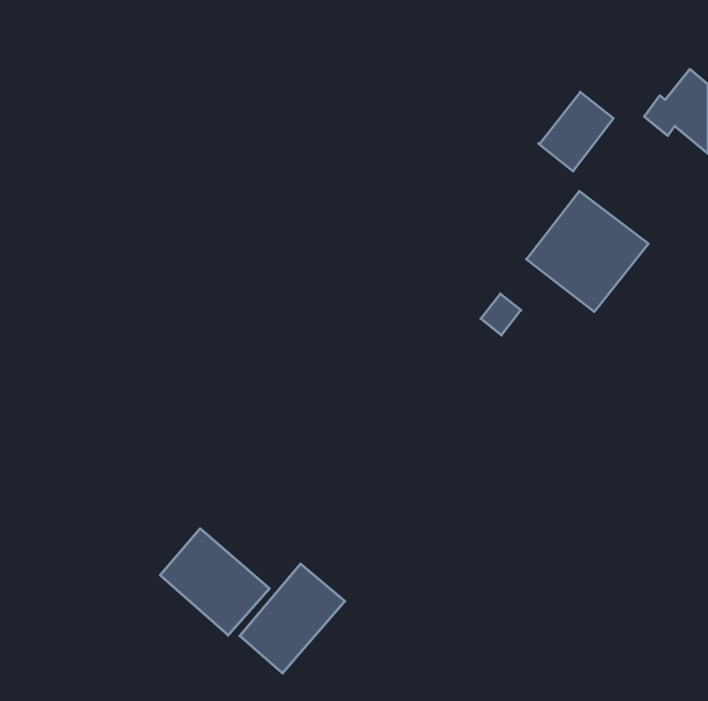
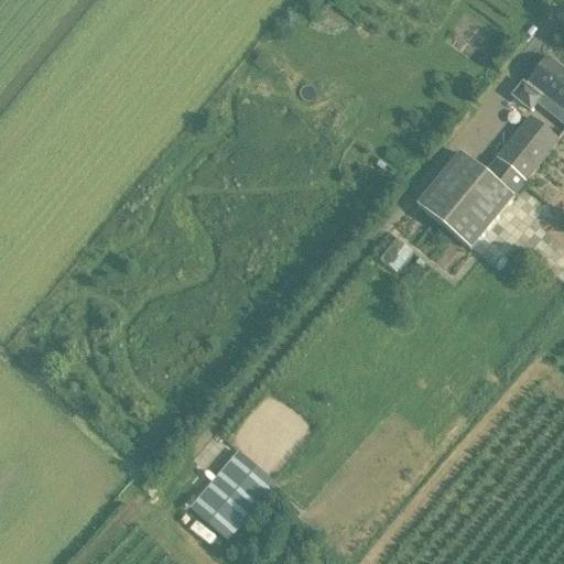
building: [539,92,613,171] -> [498,116,557,178]
building: [160,529,269,635] -> none

